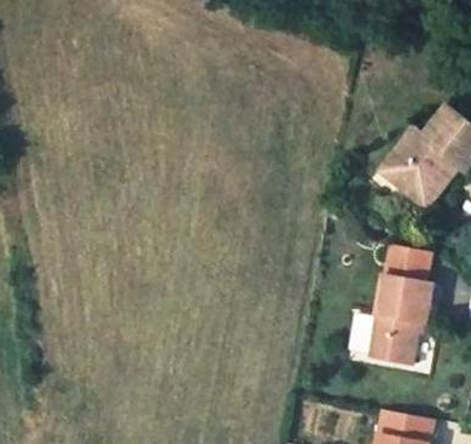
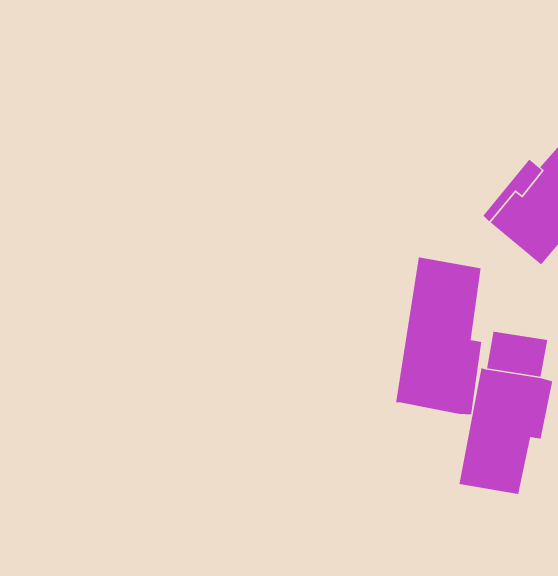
building: none -> [395,256,482,415]

